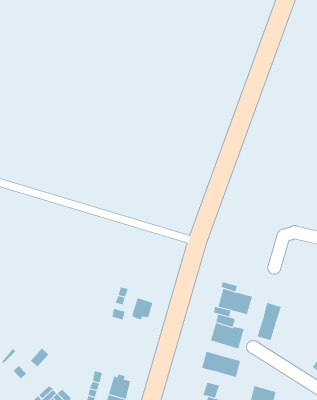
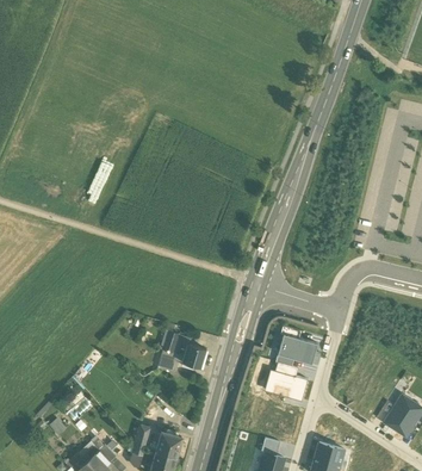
building: [257,302,281,341] -> none
building: [201,351,240,378] -> none

